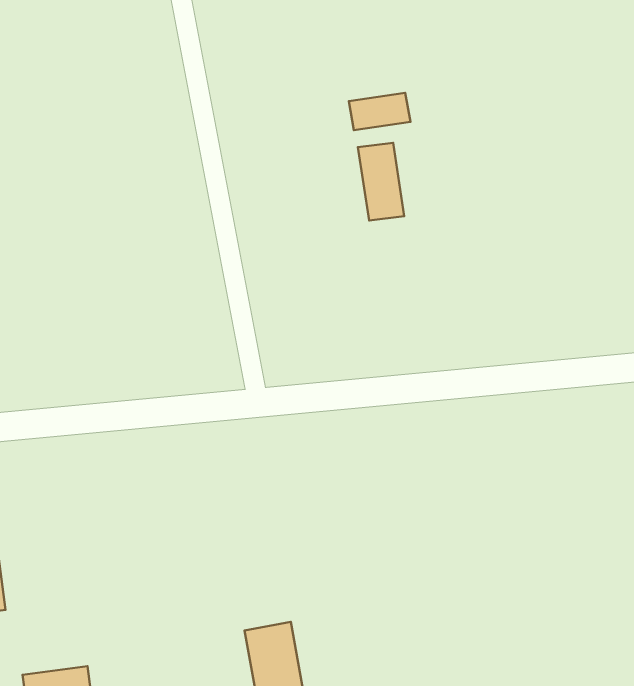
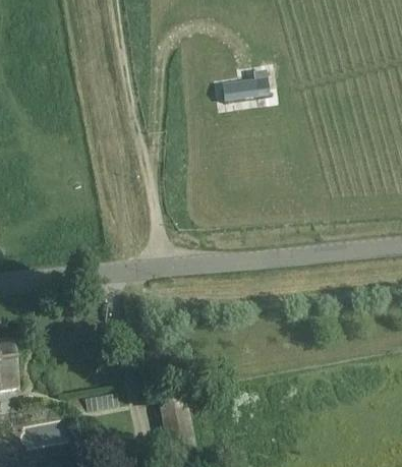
building: [358,143,404,220] -> none

